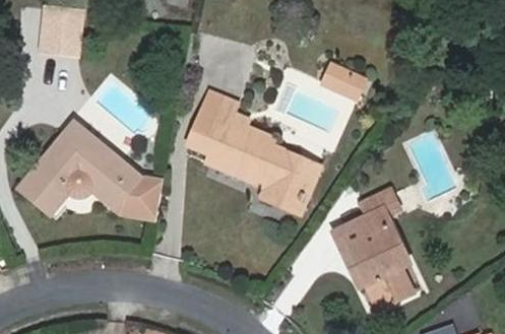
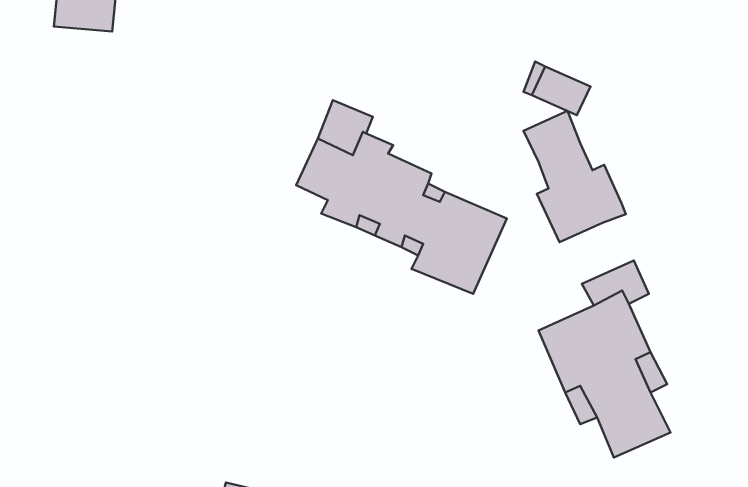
building: none -> [523,111,626,242]
building: [20,122,162,217] -> none

